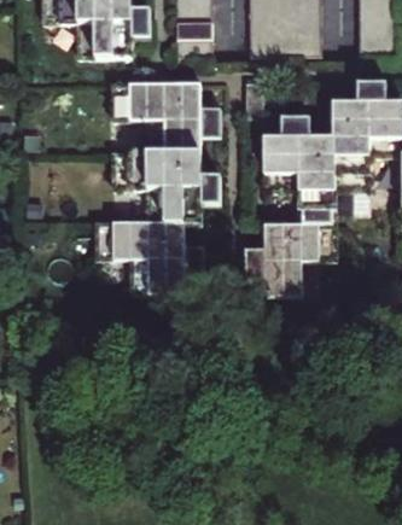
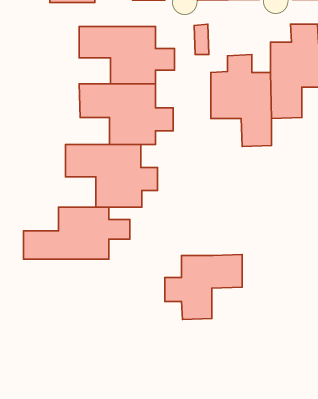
building: [246,218,336,293] -> [165,255,242,319]
building: none -> [23,207,130,259]

